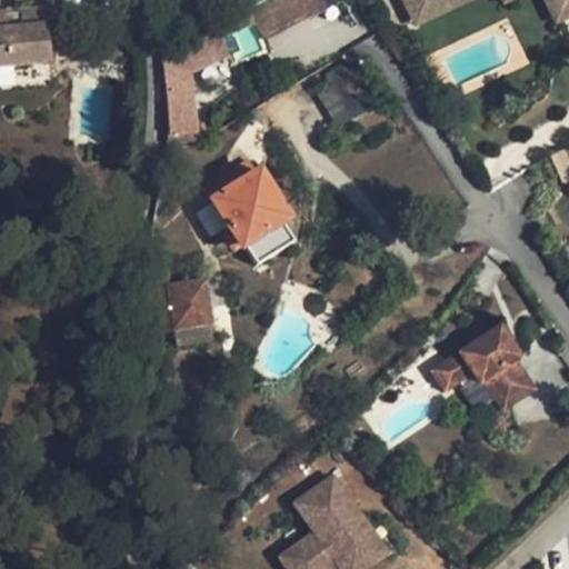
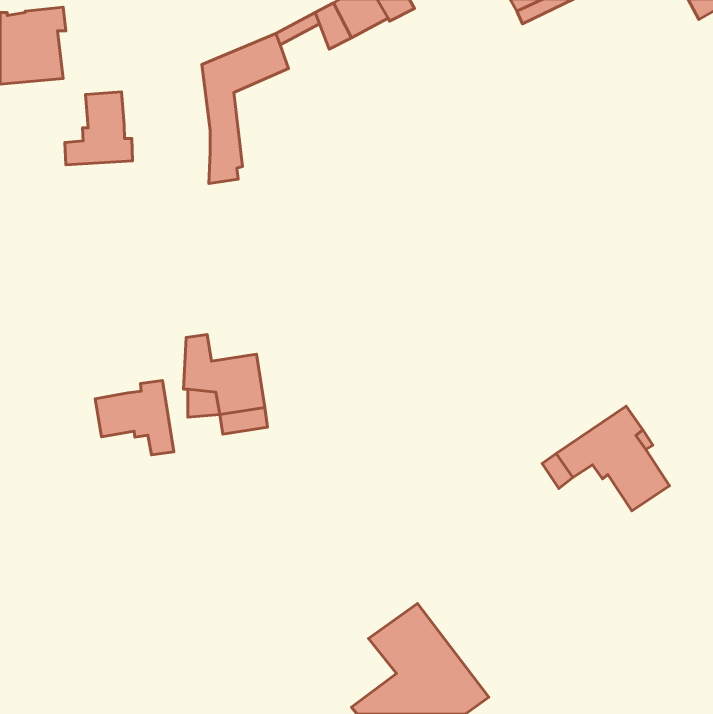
building: none -> [65,92,133,165]
building: [207,162,291,260] -> none
building: none -> [95,380,174,455]

